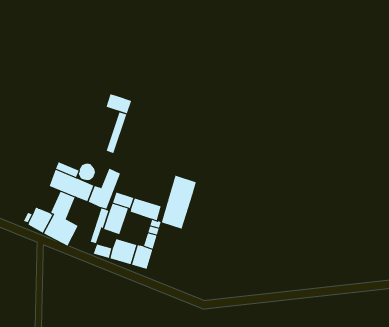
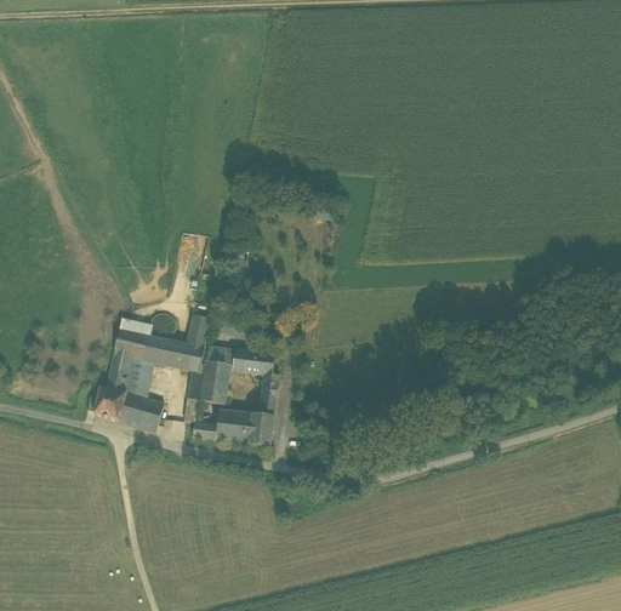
building: [106,94,132,114] -> none
building: [161,175,197,230] -> none
building: none -> [104,353,130,389]

